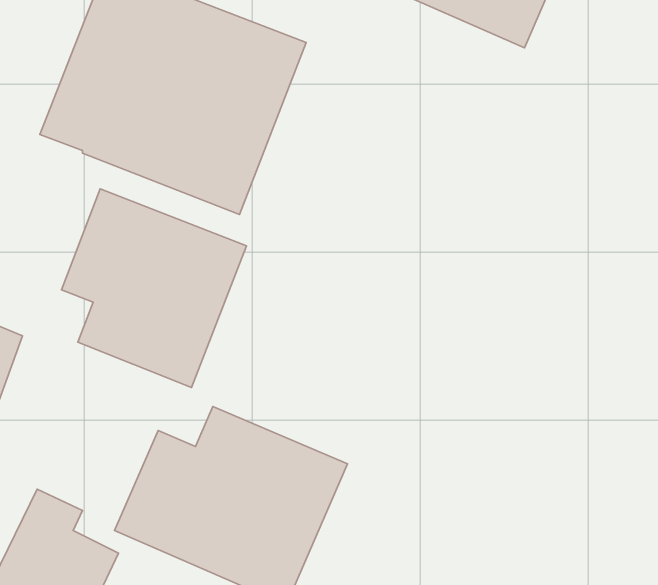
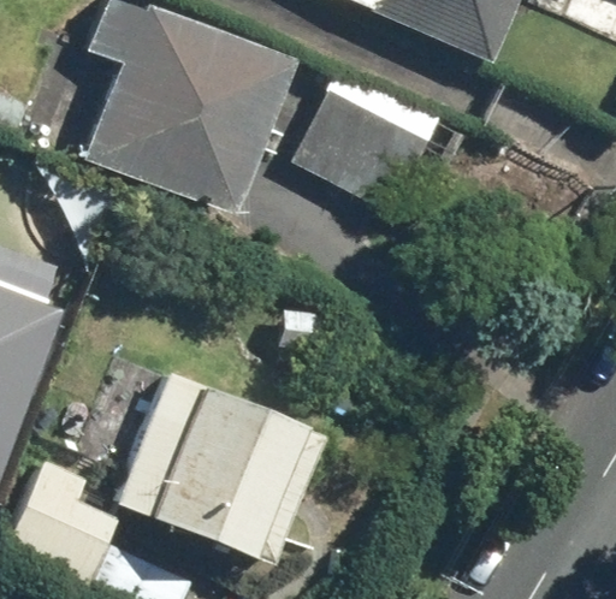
building: none -> [291,93,445,224]
building: [62,189,246,388] -> none

